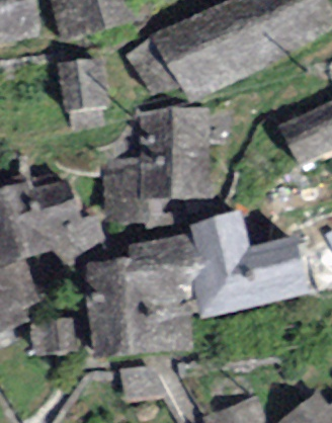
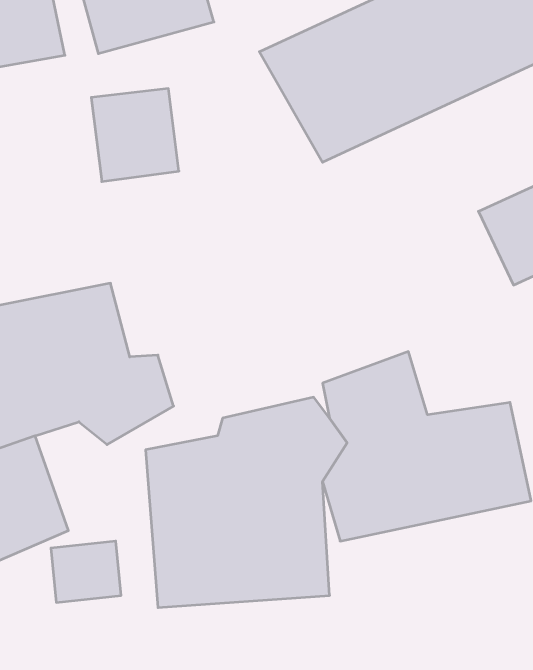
building: [100,105,212,220] -> none

